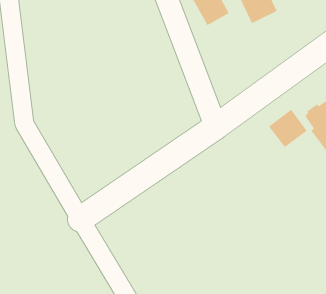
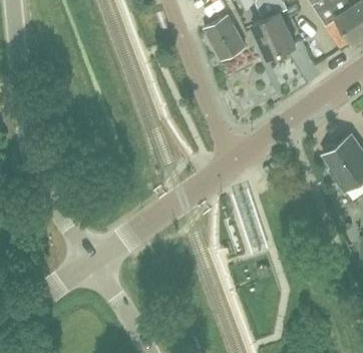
building: [268,109,308,148] -> none

